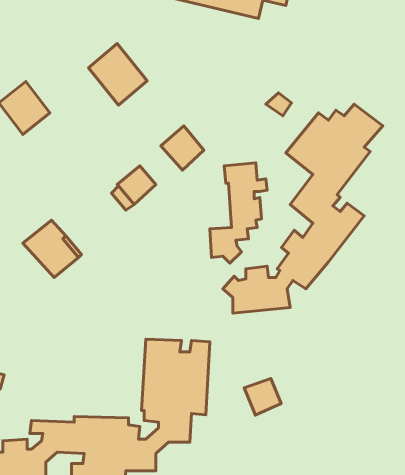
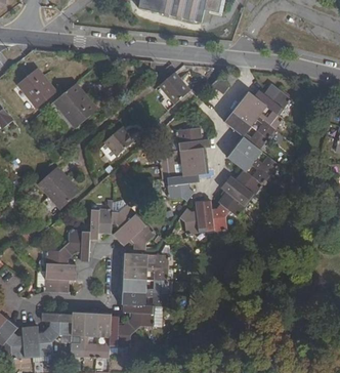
building: [89,44,147,105] -> [54,83,96,127]
building: [161,126,204,170] -> [158,72,188,103]
building: none -> [43,202,157,291]
building: [244,379,281,415] -> none

